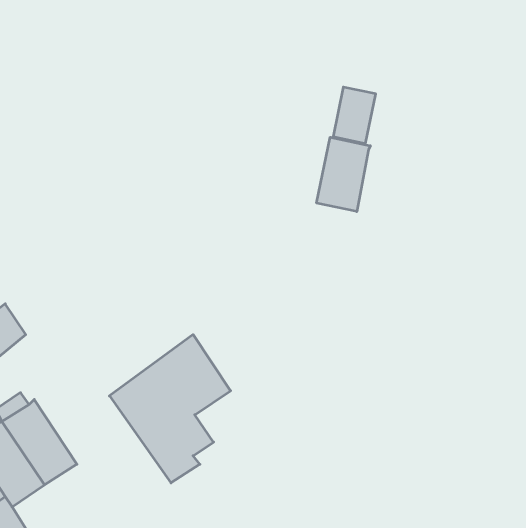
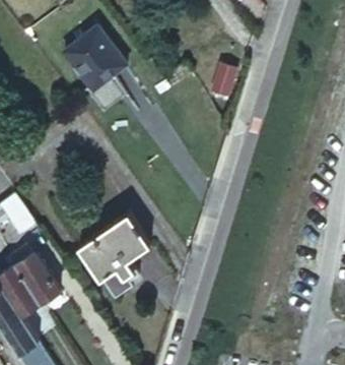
building: none -> [61,25,126,93]
building: [317,137,370,212] -> none

